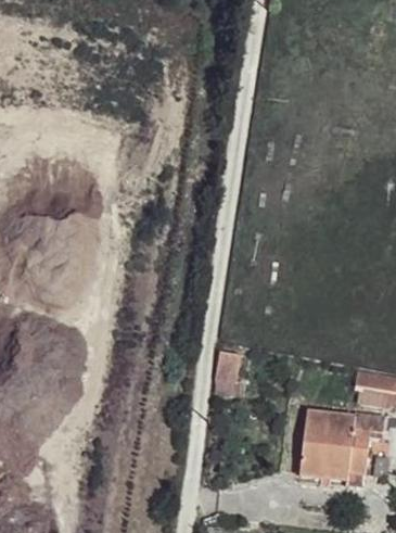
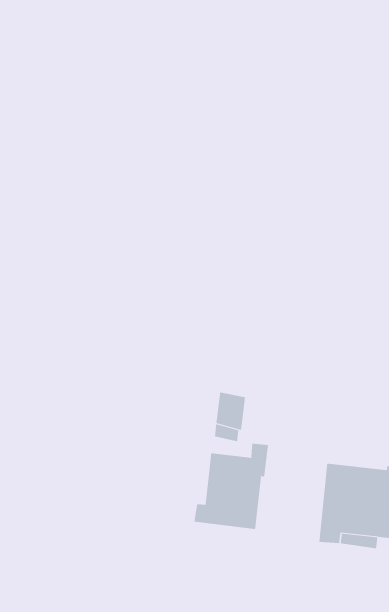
building: none -> [194,443,268,530]

